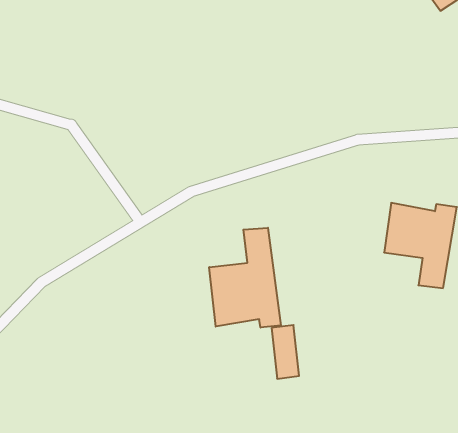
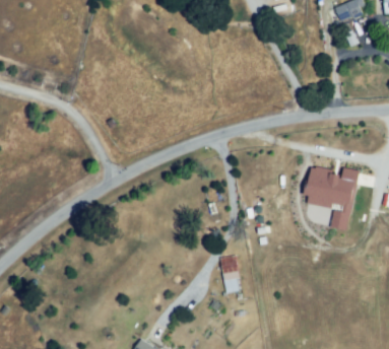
building: [209,228,281,328] -> none

